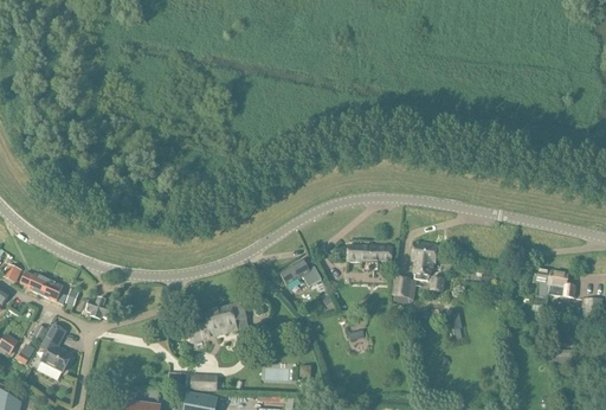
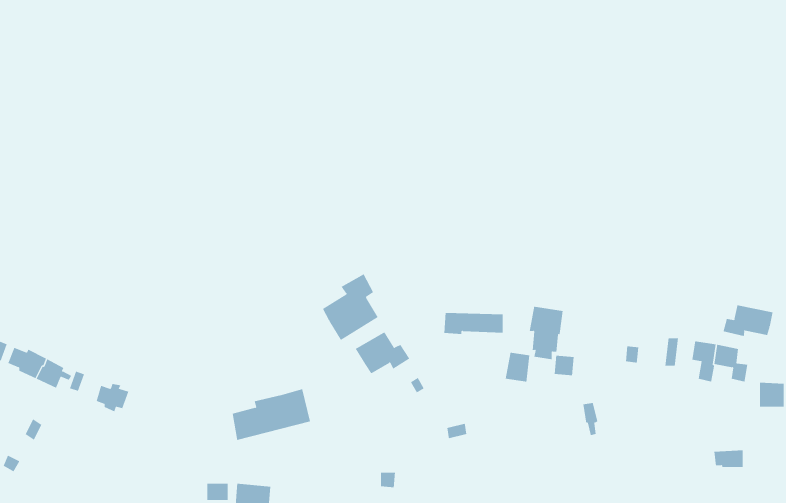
building: none -> [322,273,378,341]
building: none -> [723,305,773,337]
building: [41,323,72,371] -> none

